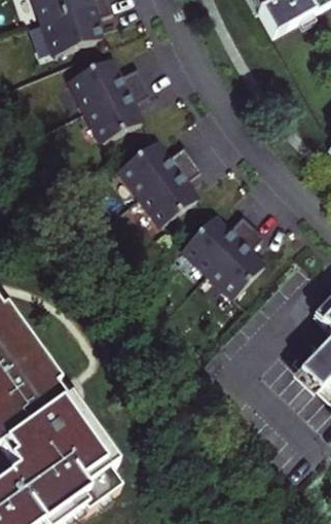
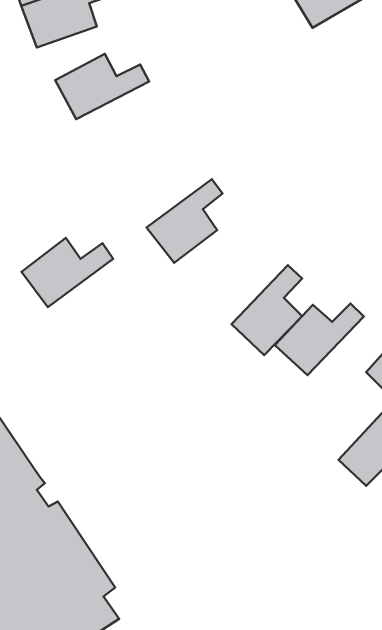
building: [86,79,151,140] -> none
building: [121,140,193,195] -> [22,238,113,307]
building: [183,214,253,271] -> [275,303,364,375]

